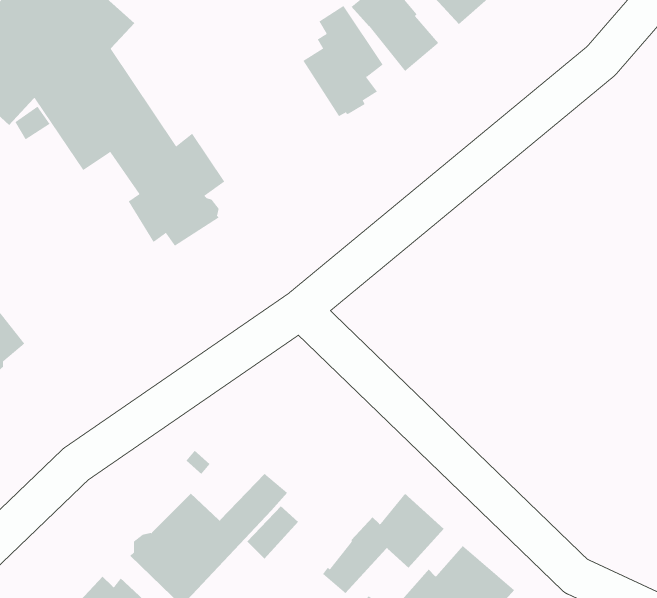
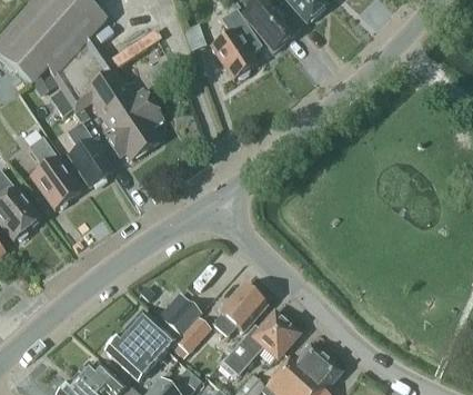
building: none -> [68,122,113,187]
building: none -> [29,137,81,209]
building: none -> [212,285,265,336]

